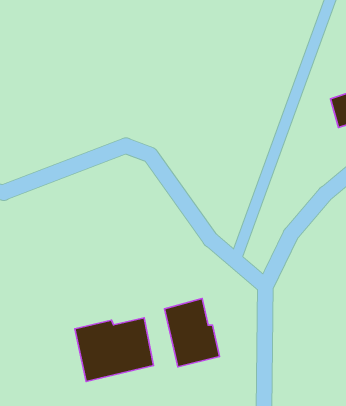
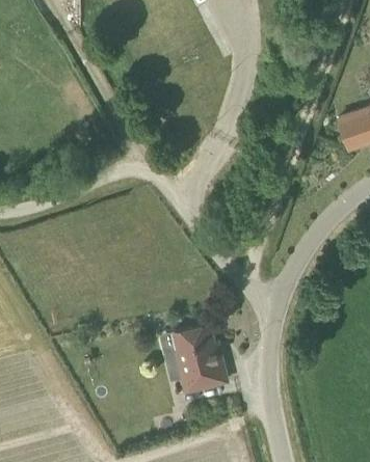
building: [75,318,154,381] -> none

